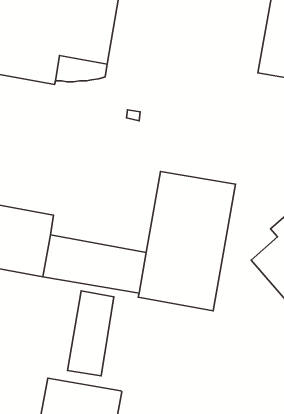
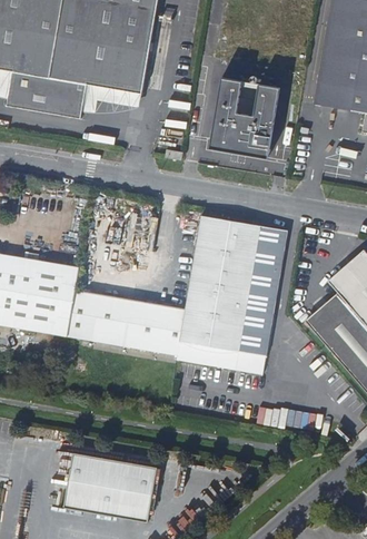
building: none -> [210,77,280,158]
building: [68,291,114,376] -> none

